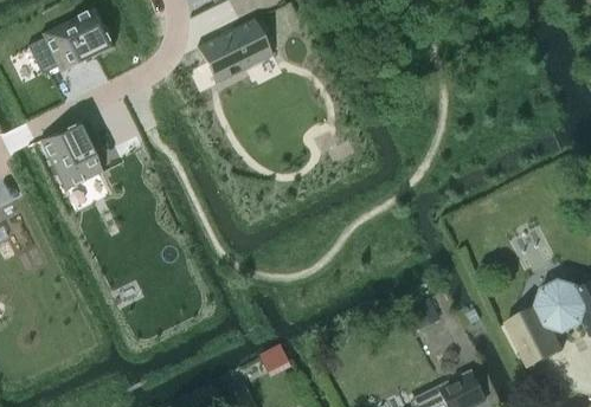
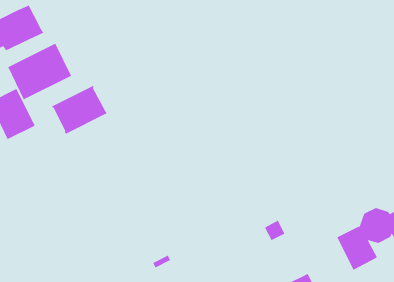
building: [197,18,272,84] -> [51,85,108,134]
building: none -> [7,43,72,100]

